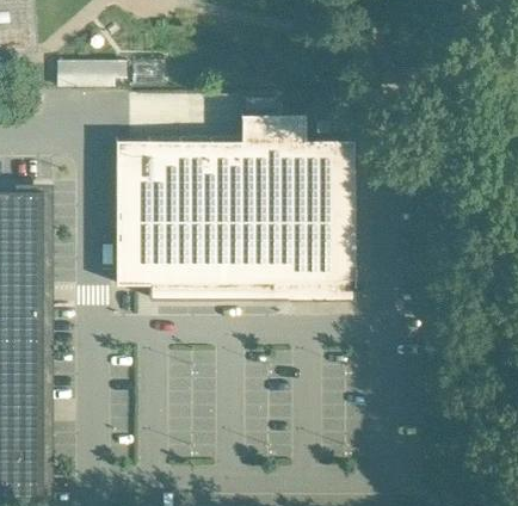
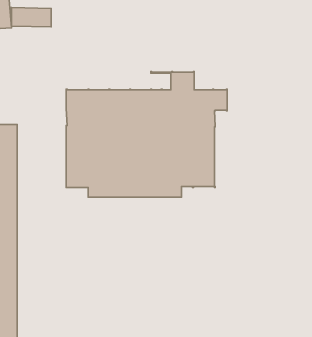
building: [63,57,122,86] -> [12,8,51,27]

